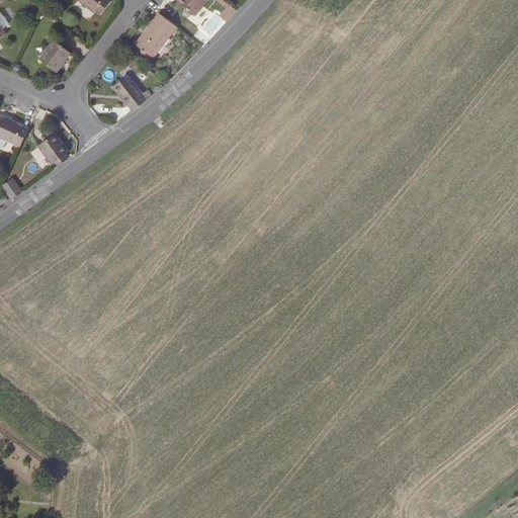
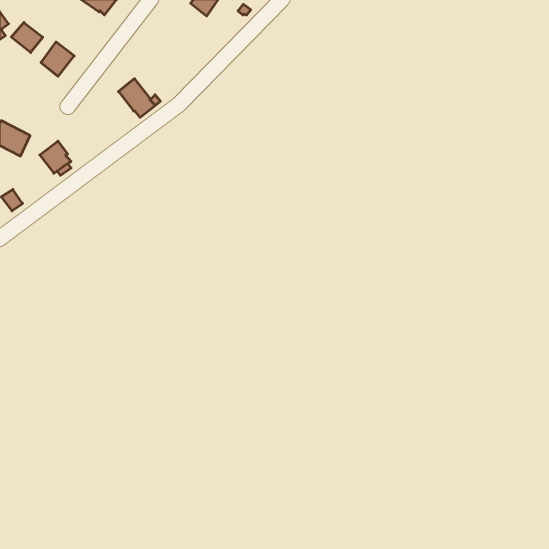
building: [135,13,175,57] -> none
building: none -> [11,22,43,53]

